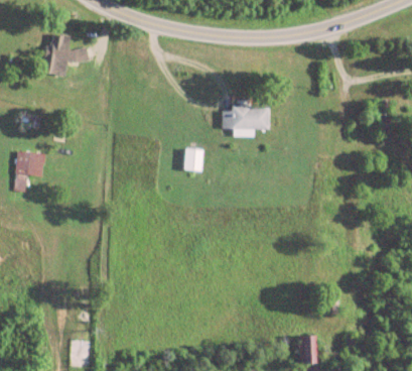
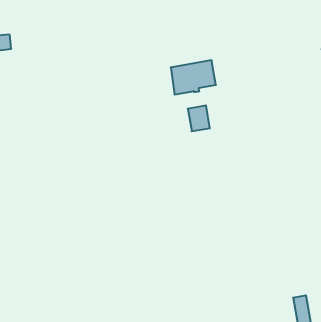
building: [184,149,201,170] -> [188,105,210,131]

